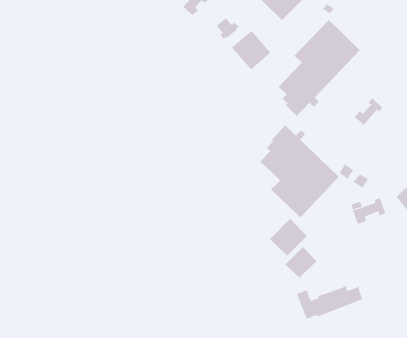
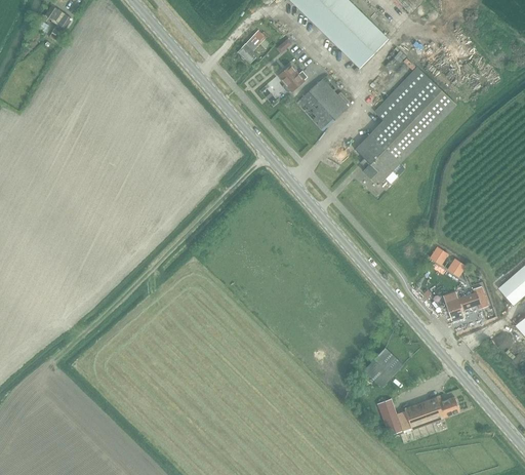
building: [354,98,383,126] -> none
building: [259,125,340,218] -> none
building: [269,218,307,256] -> none

